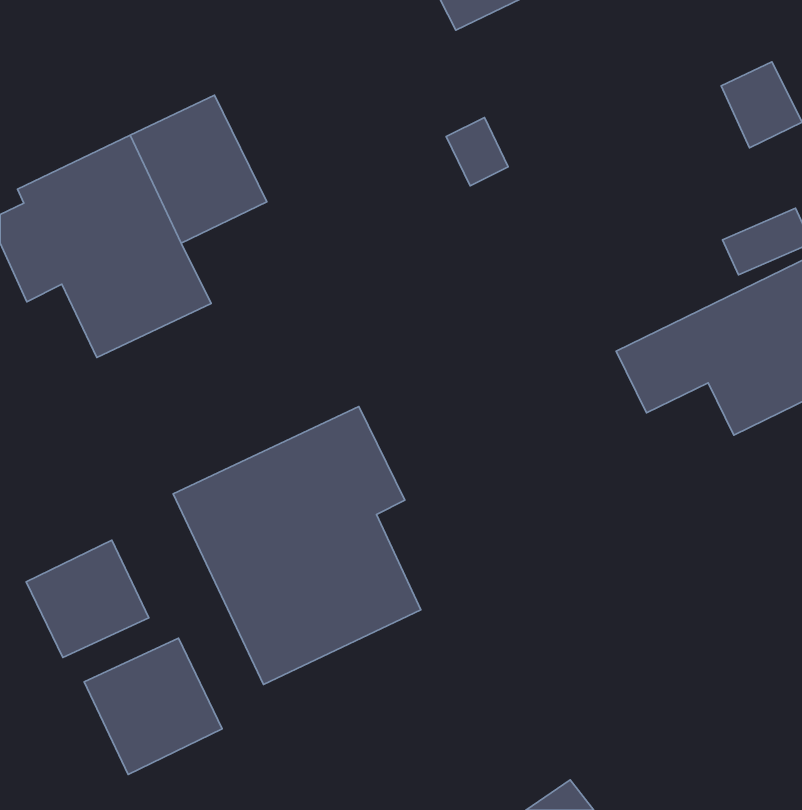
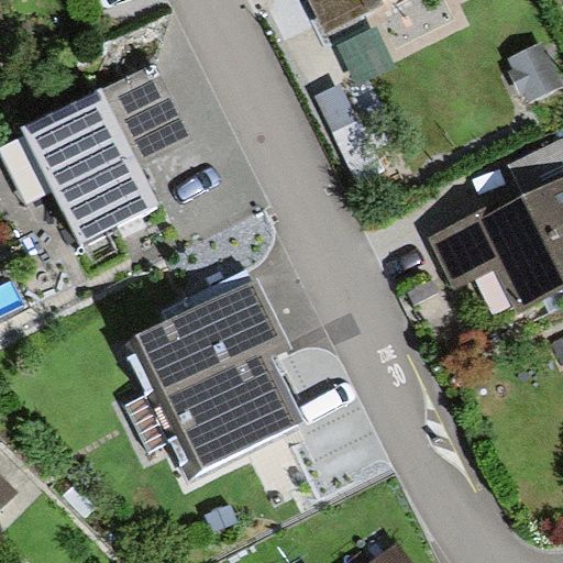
building: [26,540,149,658] -> none
building: [84,638,222,775] -> none

